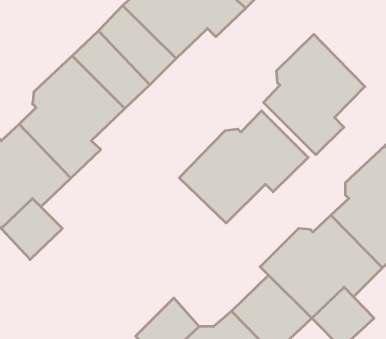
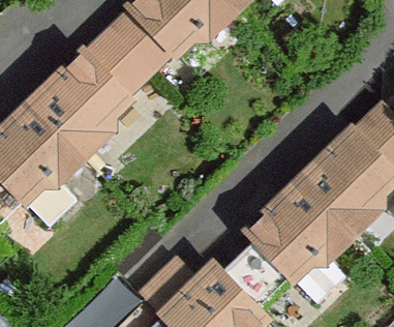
building: [264,34,365,155] -> none
building: [179,111,308,223] -> none

